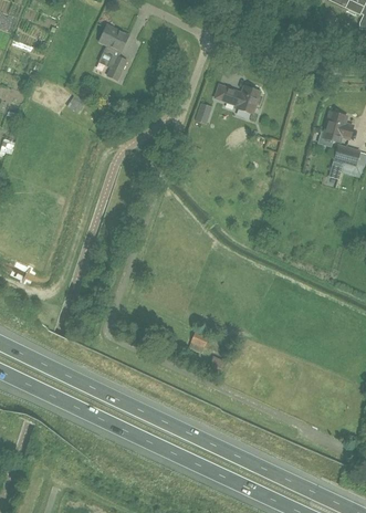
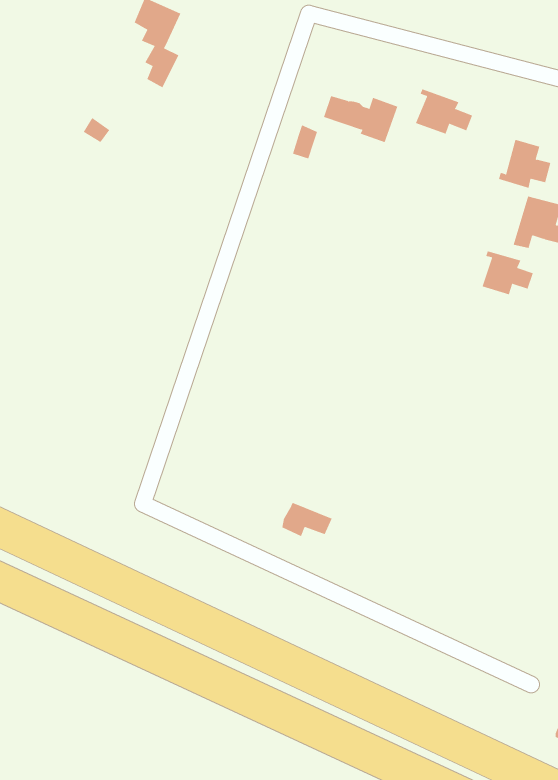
building: none -> [415,88,473,135]
building: none -> [482,250,533,295]

